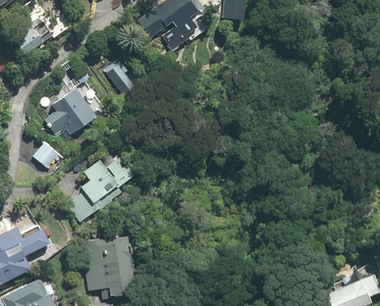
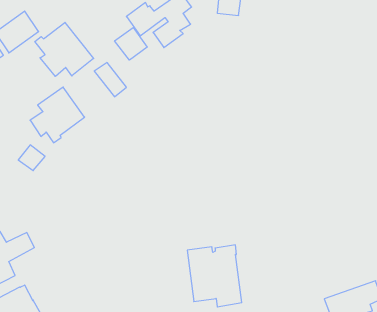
building: none -> [35,22,94,76]
building: none -> [115,27,147,60]
building: [66,155,134,220] -> none
building: [82,235,133,294] -> [187,245,242,307]

